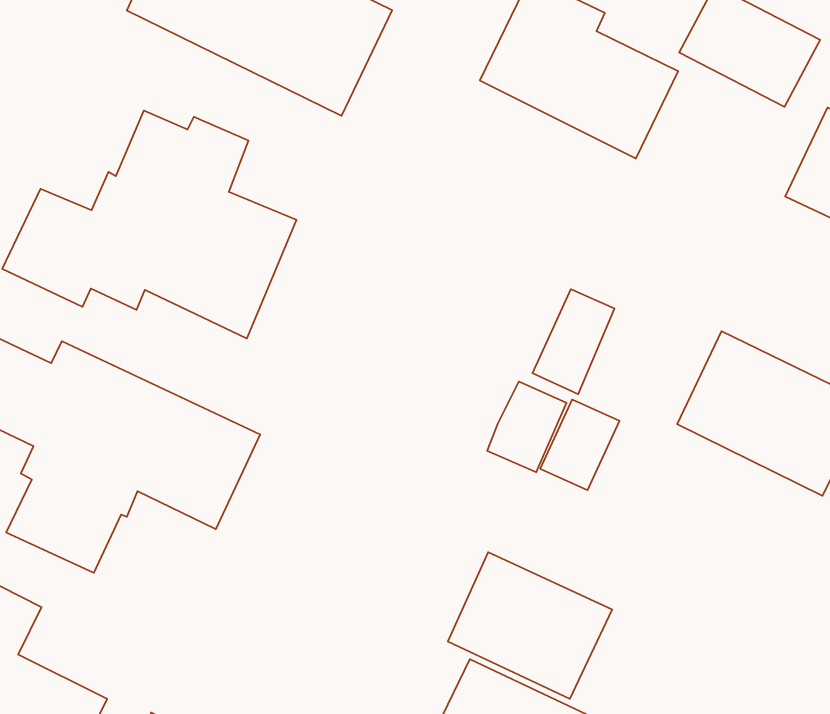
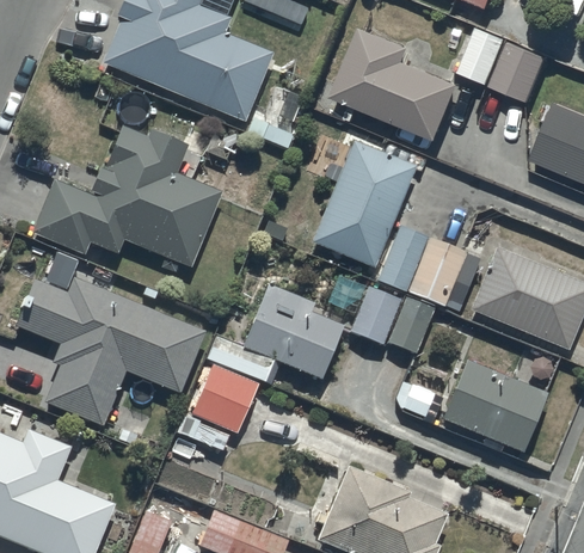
building: none -> [311,139,416,268]
building: none -> [406,234,479,313]
building: none -> [190,285,343,451]
building: [448,552,612,699] -> [442,360,546,450]

